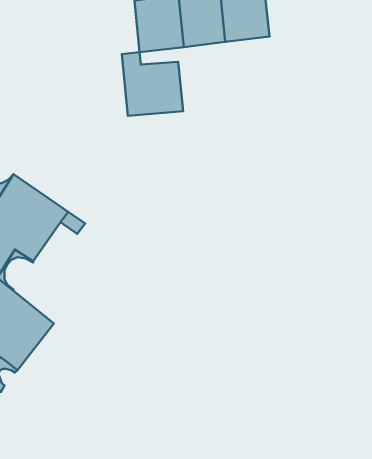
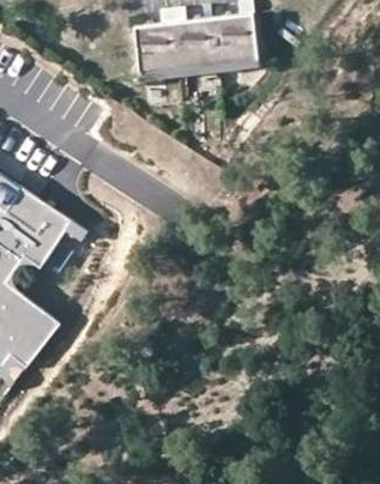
building: [122,52,183,116] -> none

